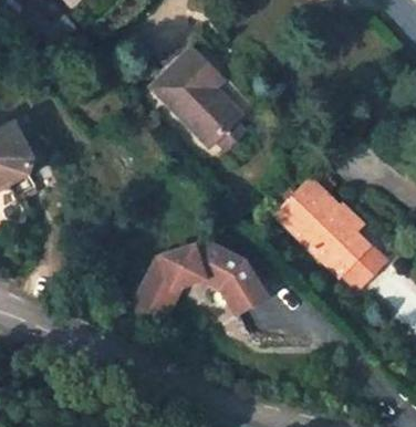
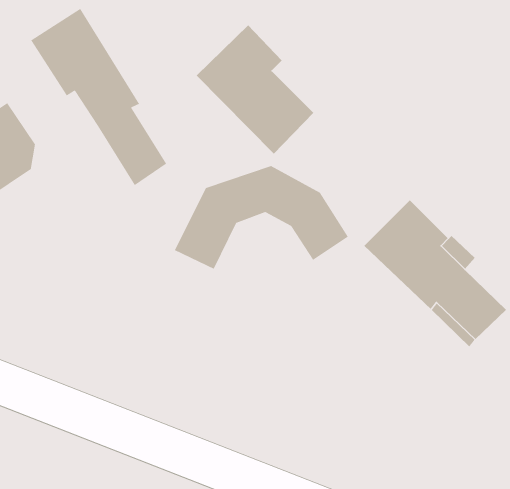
building: none -> [30,8,167,186]
building: [139,242,269,320] -> [174,165,349,270]

